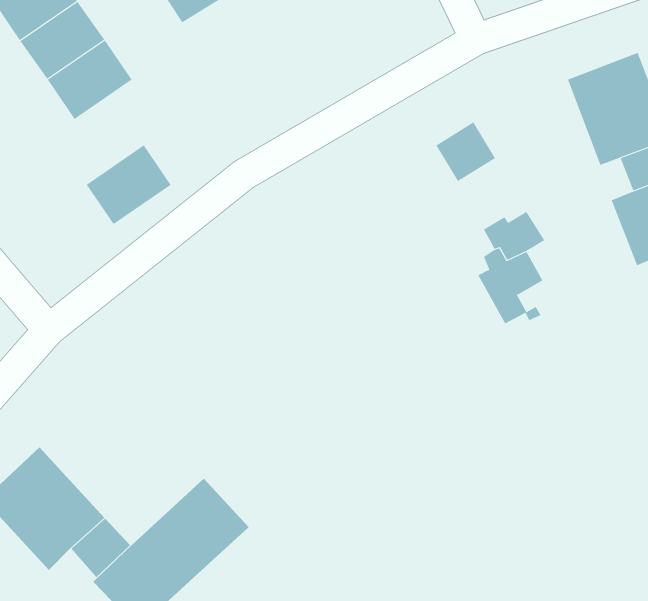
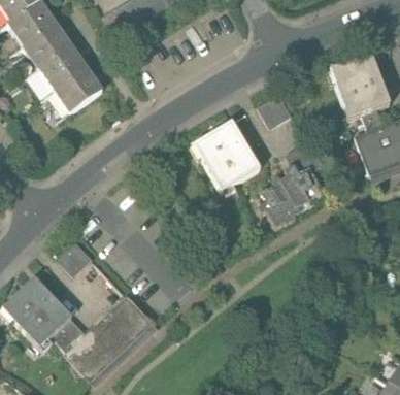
building: [86,145,172,225] -> [54,69,102,114]
building: none -> [195,122,262,192]
building: none -> [266,176,299,226]
building: none -> [55,239,92,275]

